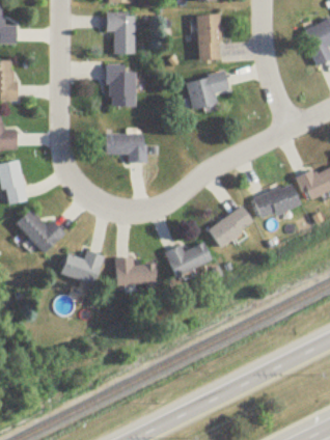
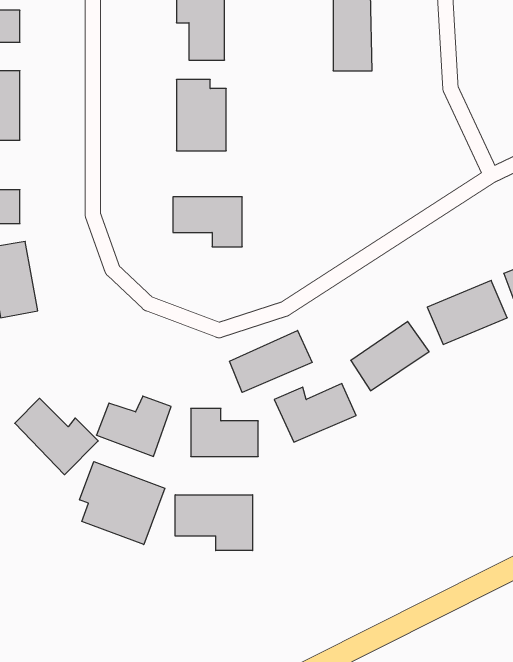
building: [187,73,229,110] -> none
building: [16,209,64,253] -> [15,398,98,475]
building: none -> [230,330,312,392]
building: none -> [80,462,165,545]
building: none -> [175,495,253,551]

